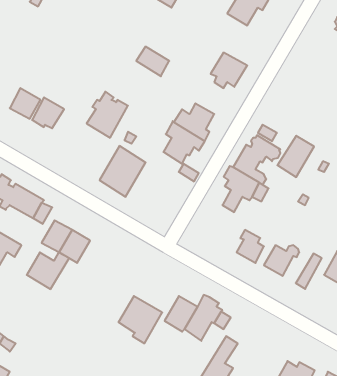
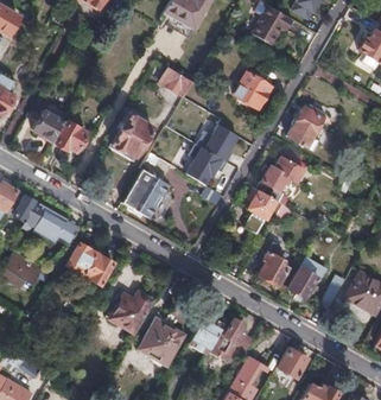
building: [277,136,314,177] -> [287,104,324,146]
building: [27,252,69,289] -> [110,293,153,330]
building: none -> [271,348,306,385]

